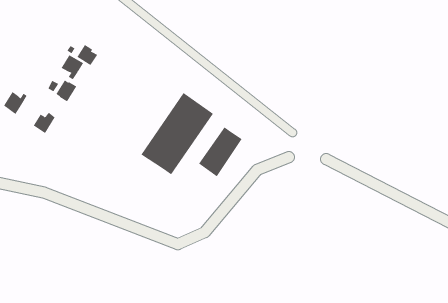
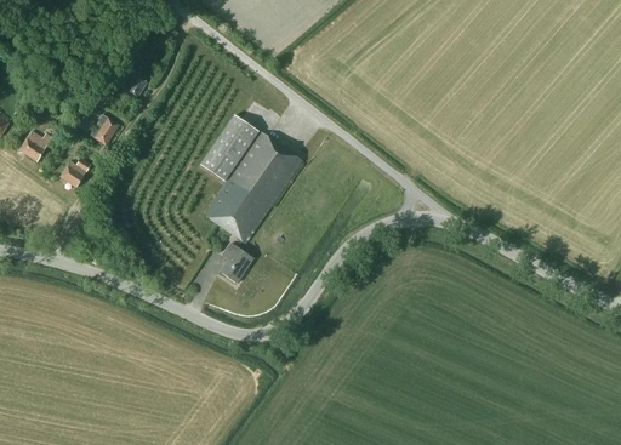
building: [61,55,84,80] -> none
building: [198,127,242,177] -> [199,114,258,182]
building: none -> [220,243,252,283]

